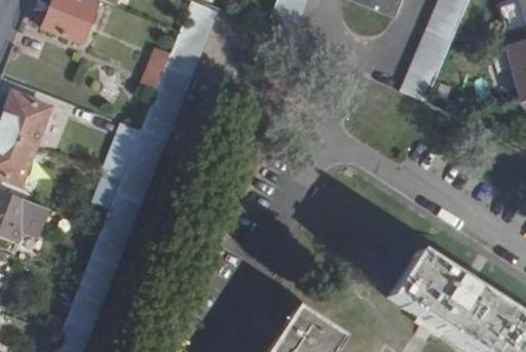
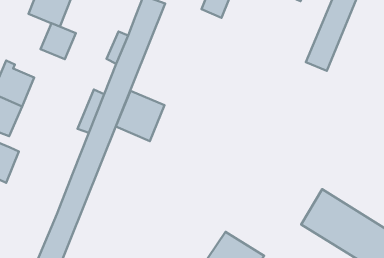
building: none -> [40,23,76,59]
building: none -> [116,91,165,141]

